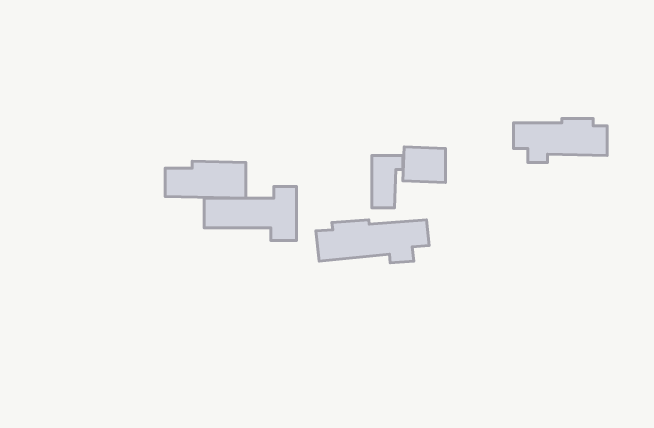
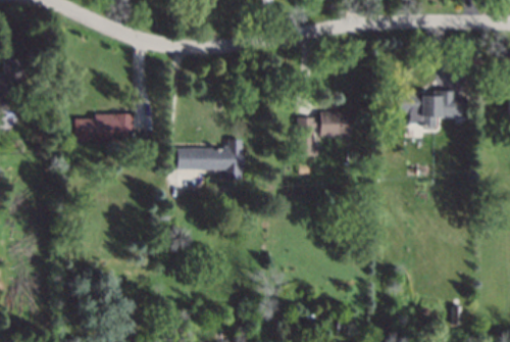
building: [165,161,246,198] -> [74,113,133,140]
building: [316,220,429,263] -> none

